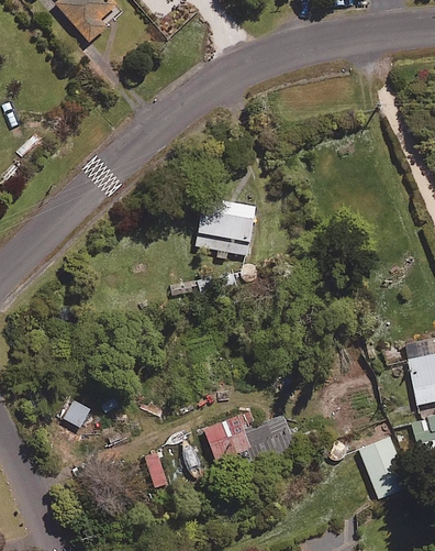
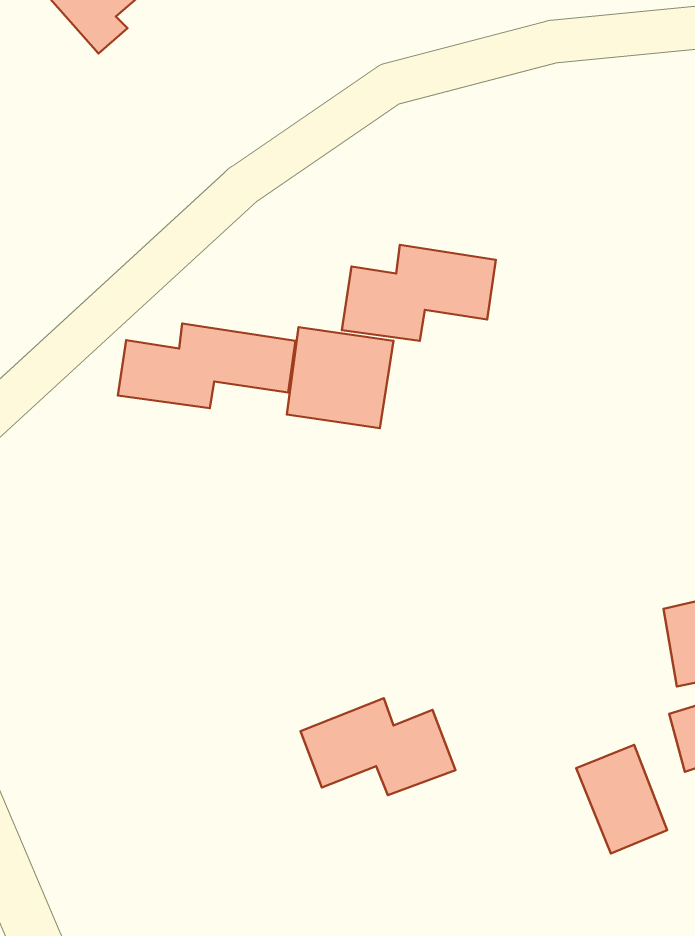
building: none -> [342,245,496,341]
building: none -> [118,324,296,408]

